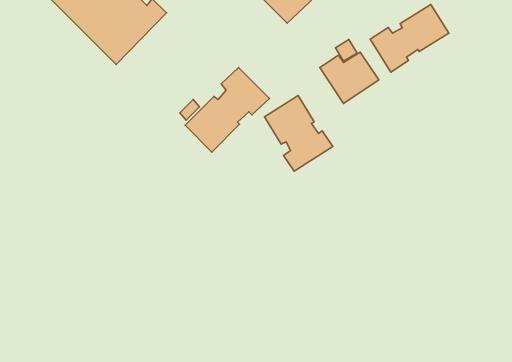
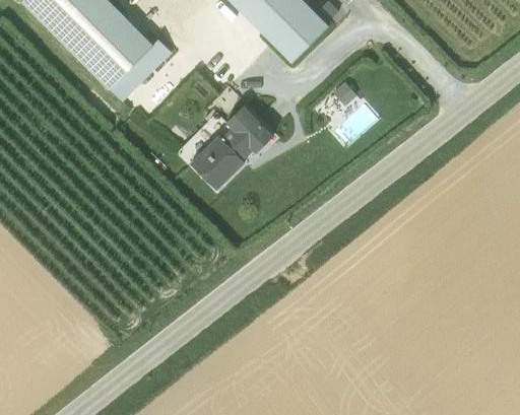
building: [370,4,449,72] -> none
building: [265,96,333,171] -> none

